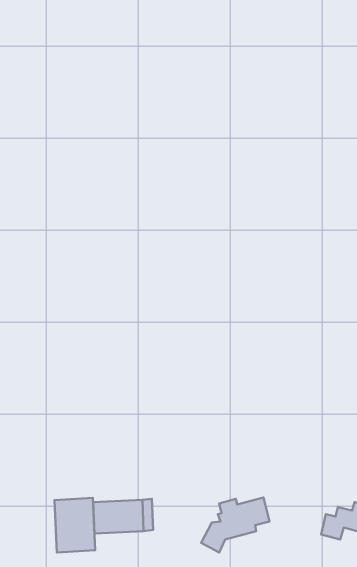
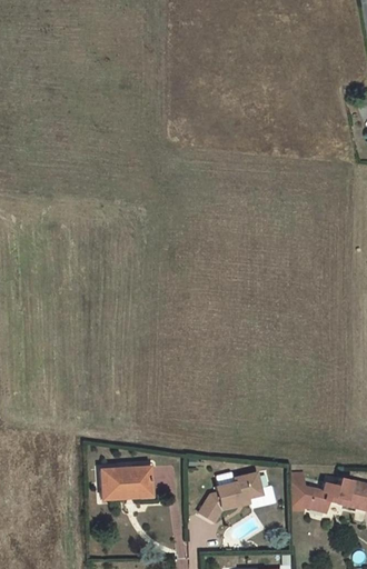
building: [54,498,95,553] -> none
building: none -> [291,473,314,500]

